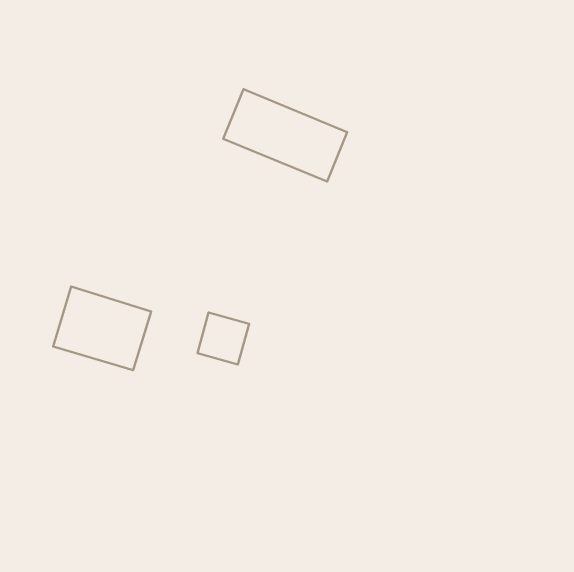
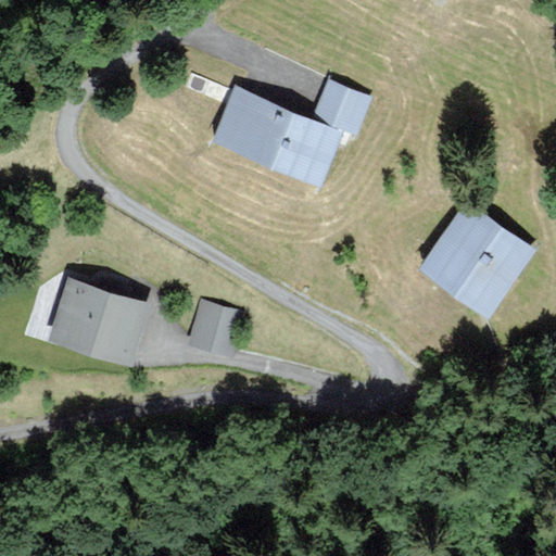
building: none -> [314,84,366,131]
building: none -> [422,205,529,311]

